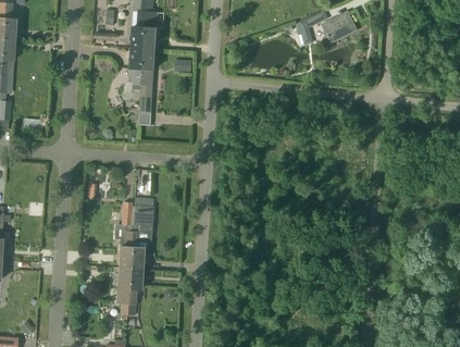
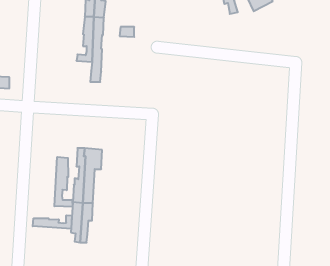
building: none -> [54,157,73,207]
building: none -> [33,215,72,229]

